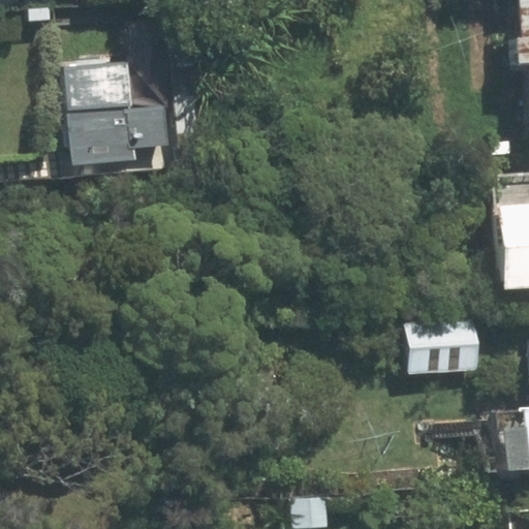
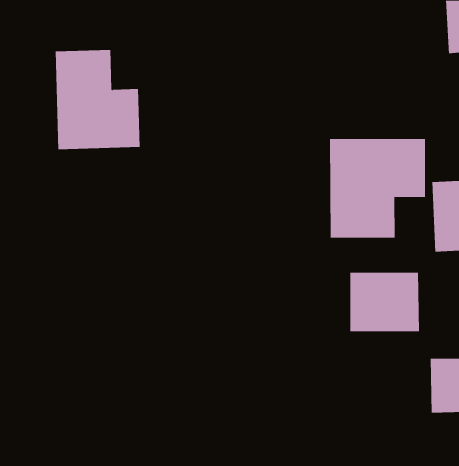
building: none -> [330,138,425,238]

